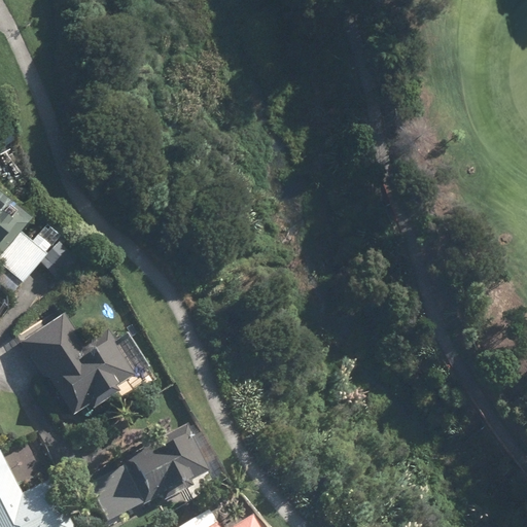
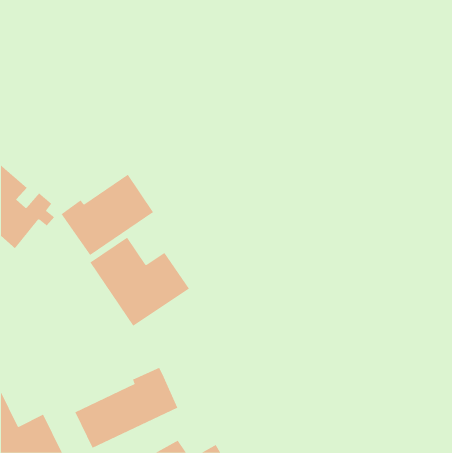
building: none -> [61,174,154,256]
building: [20,313,136,417] -> [90,237,190,326]

